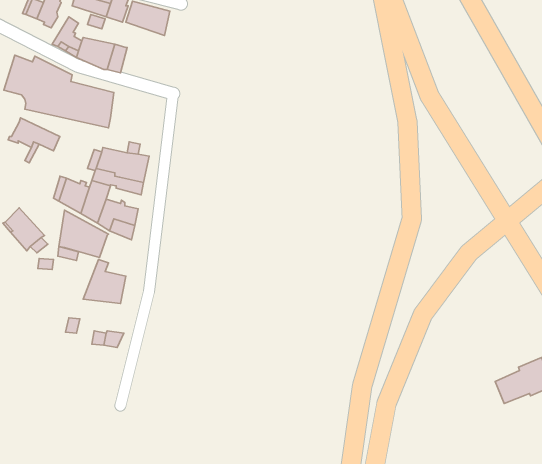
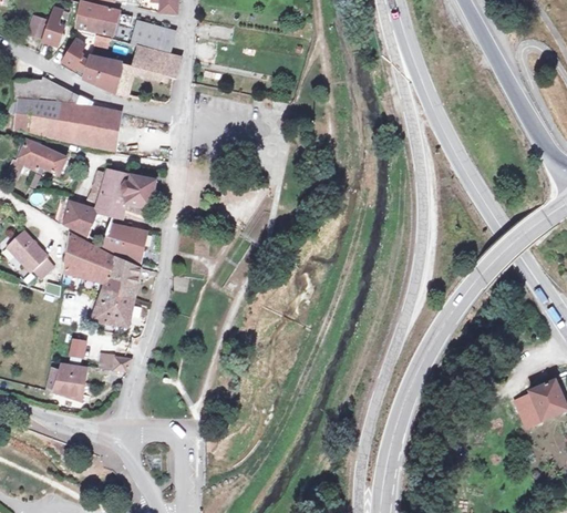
building: none -> [133,44,181,79]
building: none -> [104,257,138,298]
building: none -> [44,363,84,398]

